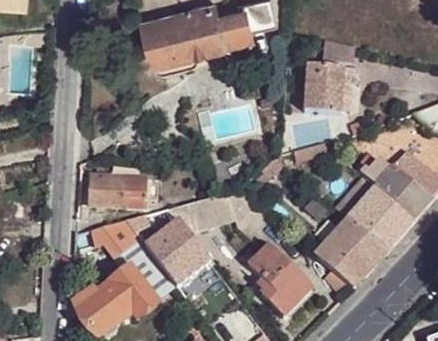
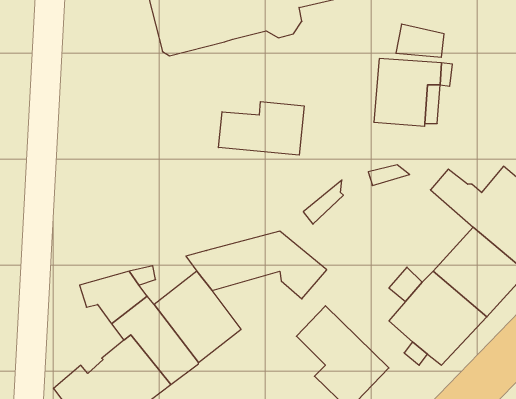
building: none -> [218,102,304,155]
building: [88,175,144,210] -> none

